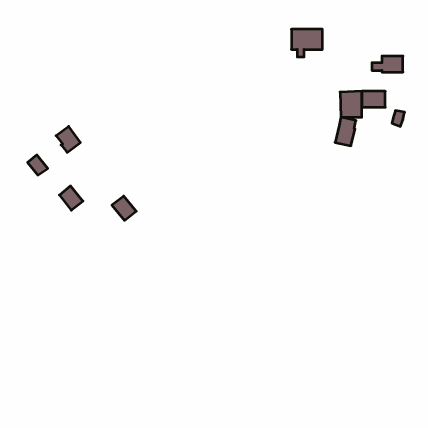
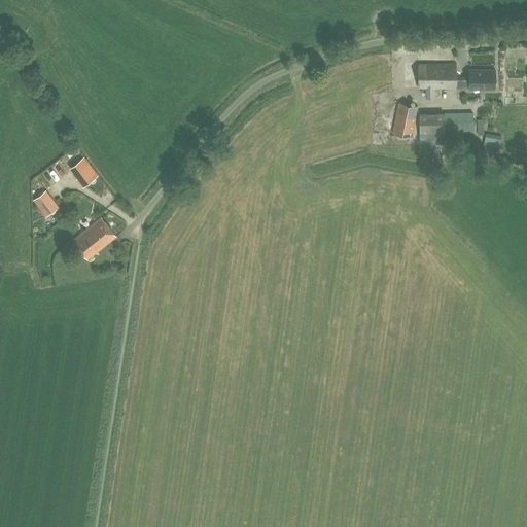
building: [291,29,322,57] -> [419,63,457,97]
building: [335,117,356,146] -> [392,102,418,137]
building: [112,196,136,220] -> [86,217,116,247]

